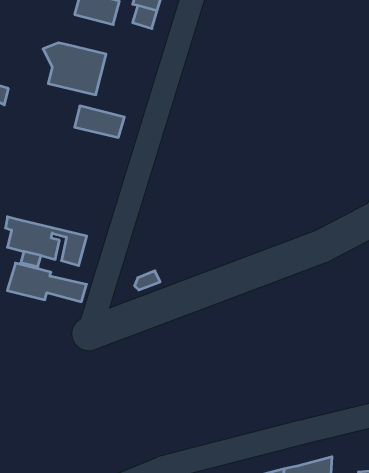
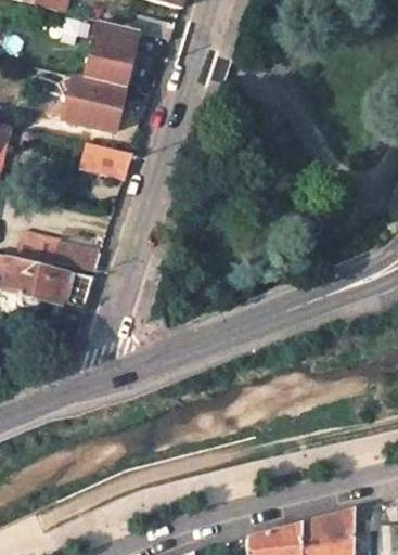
building: none -> [73,42,121,85]
building: [7,263,87,302] -> [16,231,101,272]

